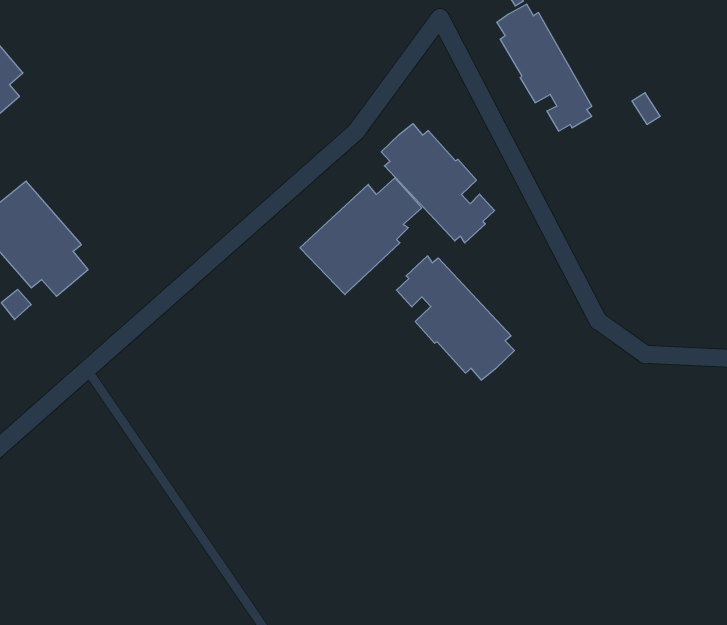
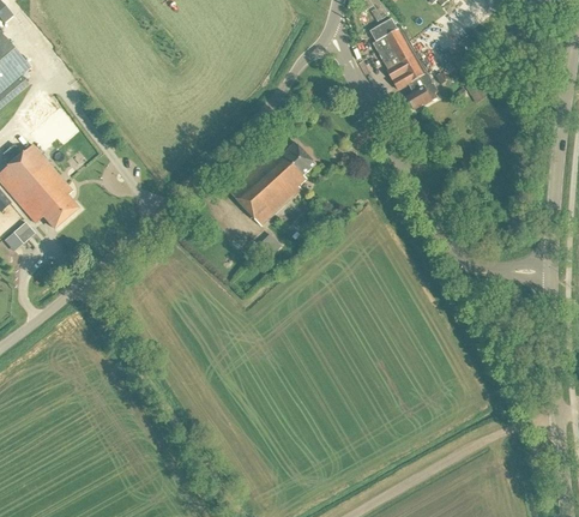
building: [381,124,495,243] -> none
building: [396,256,514,380] -> none

